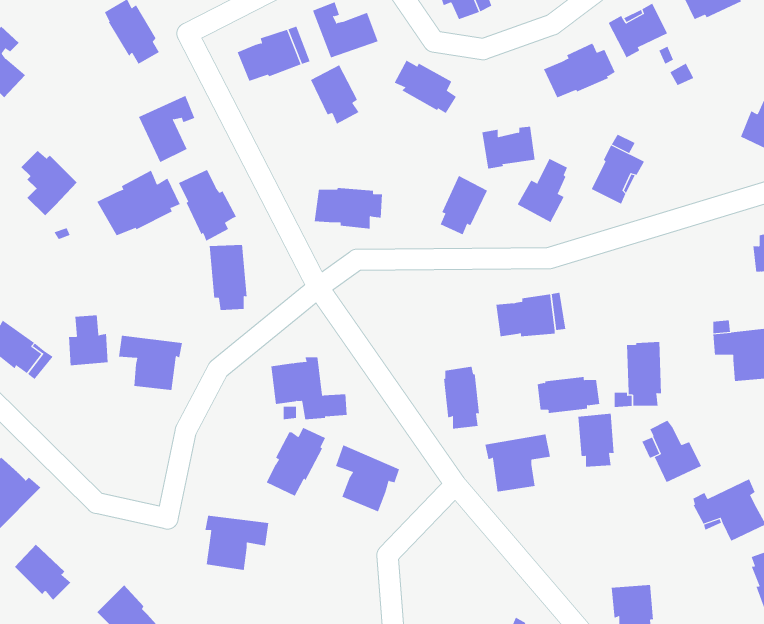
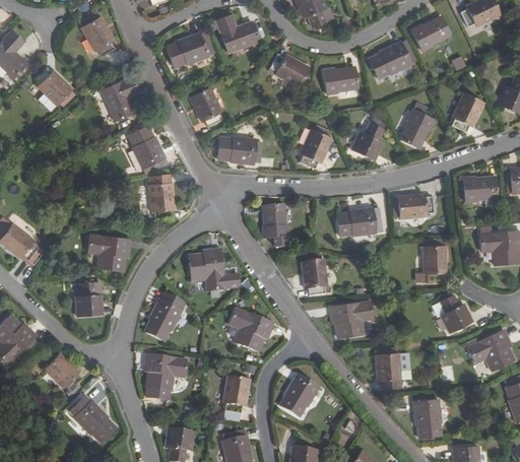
building: [310,64,359,124] -> [190,87,222,127]
building: none -> [451,93,482,132]
building: [481,126,535,169] -> [322,66,358,94]
building: [20,150,77,216] -> [34,67,71,111]
building: [97,170,181,236] -> none
building: none -> [463,177,497,203]
building: none -> [261,204,287,238]
building: [68,315,108,366] -> [75,282,102,316]
building: [537,376,600,413] -> [392,194,434,218]
building: [578,413,615,467] -> [376,353,400,389]
building: [266,427,326,496] -> [144,294,184,340]
building: [14,544,71,601] -> [45,353,82,391]
building: none -> [280,373,318,417]
building: none -> [222,376,249,412]

